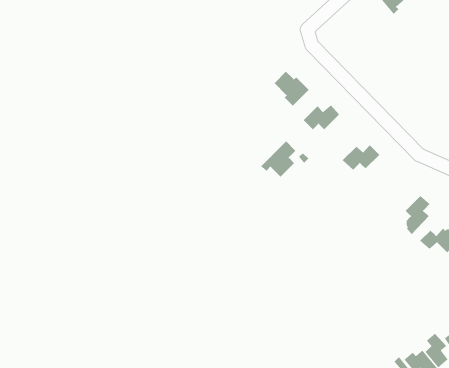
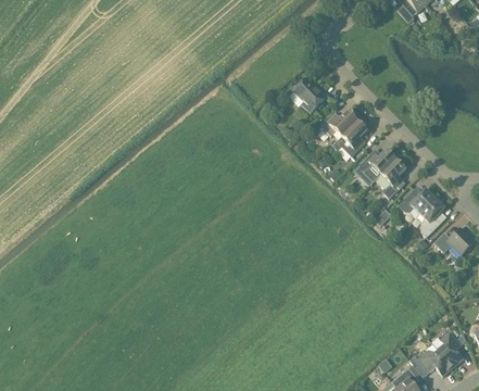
building: [260,141,296,178] -> [332,119,367,155]
building: none -> [382,159,406,198]
building: none -> [399,188,436,213]

